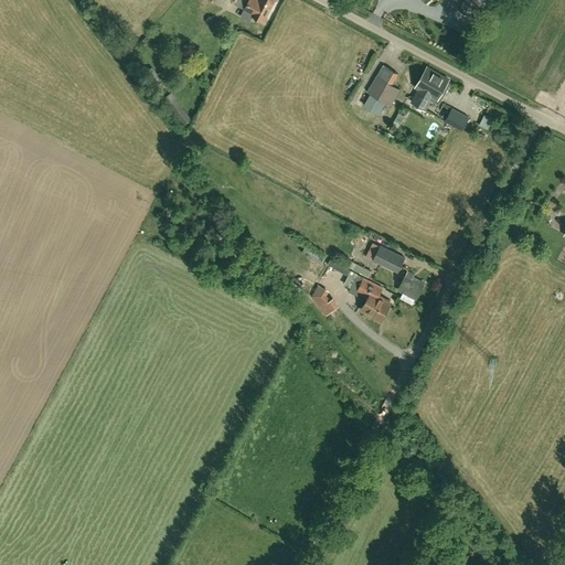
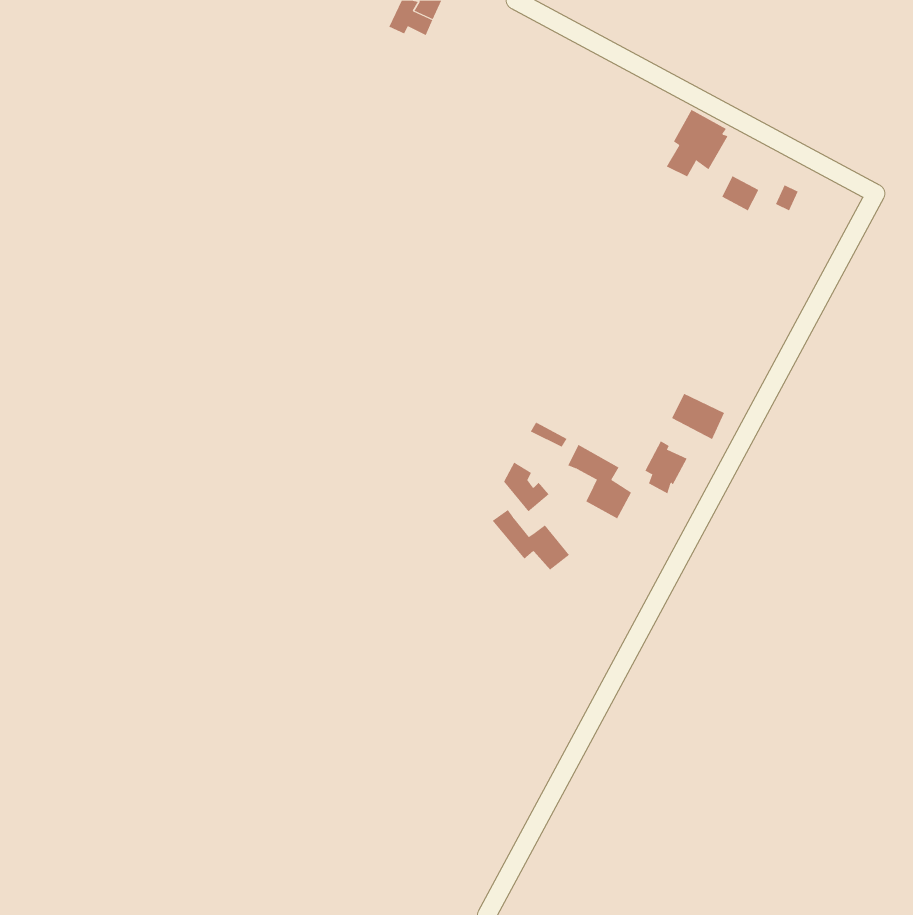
building: [366,65,399,106] -> none
building: [372,245,405,274] -> [671,393,725,440]
building: none -> [492,509,570,571]

